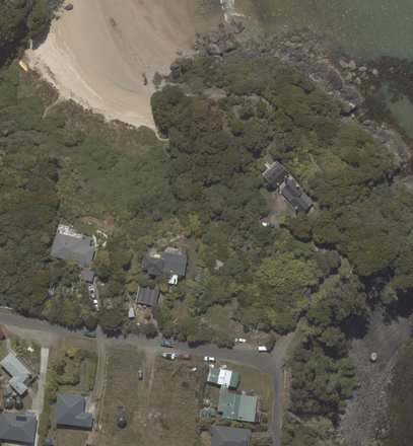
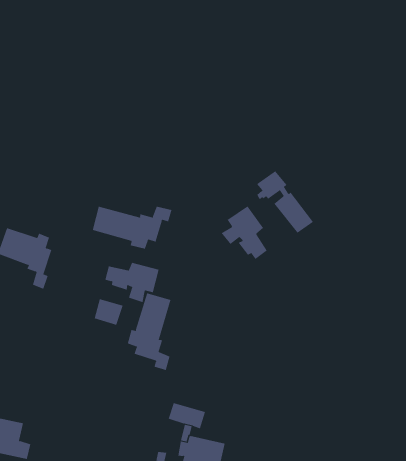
building: none -> [221,205,268,260]
building: none -> [92,206,172,250]
building: none -> [127,293,171,371]

